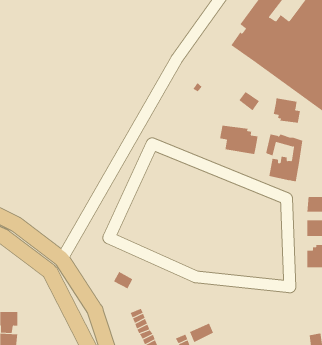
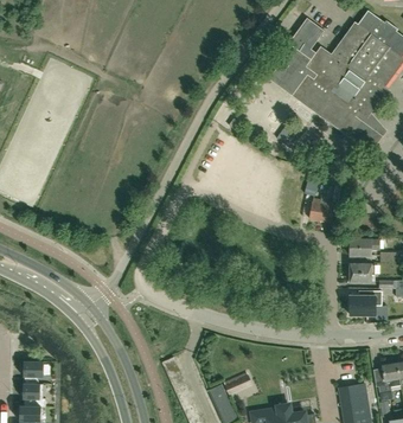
building: [273,98,300,123] -> none
building: [220,125,258,155] -> none

